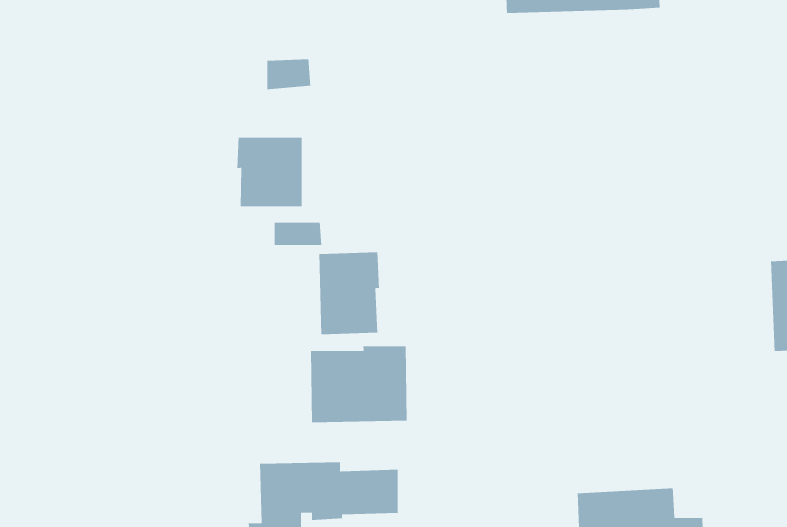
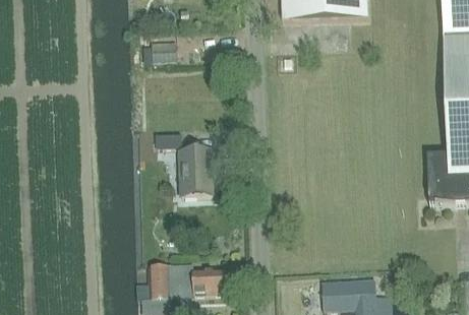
building: [237,137,302,207] -> none
building: [310,346,408,423] -> none

